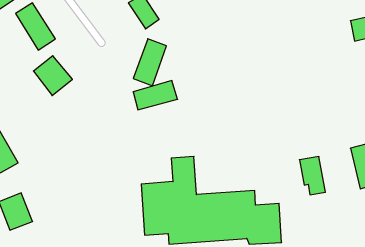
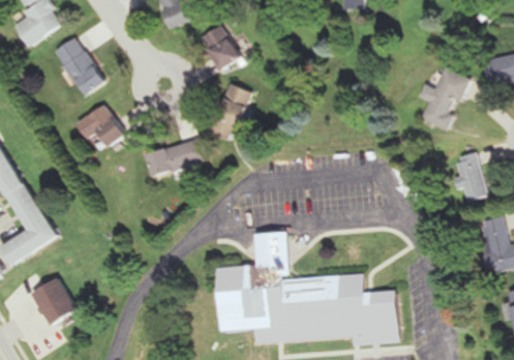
building: none -> [417,67,467,129]
building: [133,81,178,110] -> [145,139,202,176]
building: [299,157,325,195] -> [451,152,484,201]

